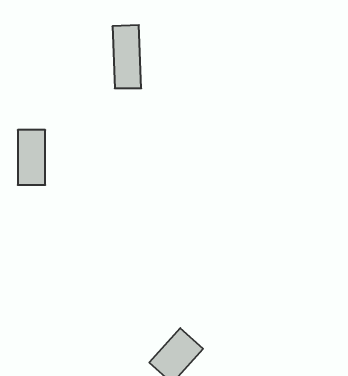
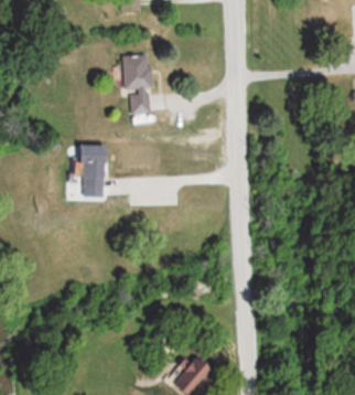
building: [18,130,45,185] -> [83,147,109,200]

